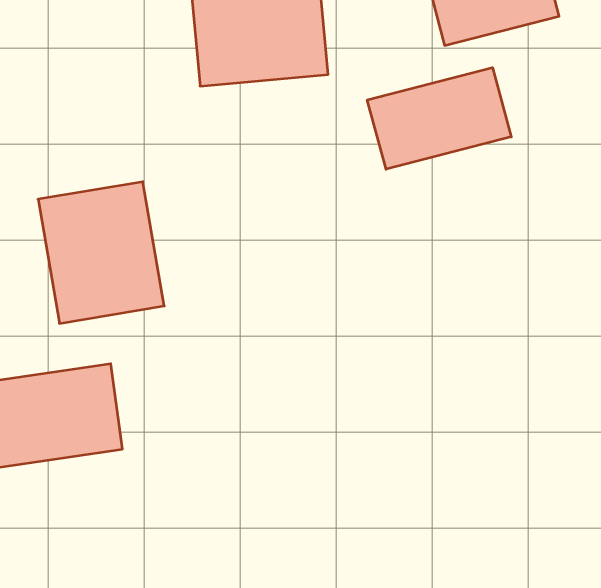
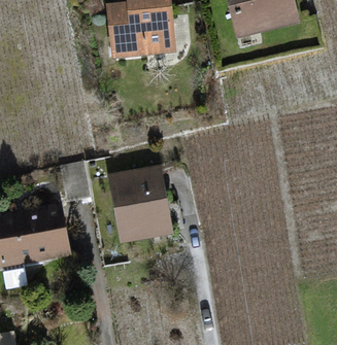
building: [367,68,511,169] -> none
building: [38,182,164,323] -> [106,166,173,241]

